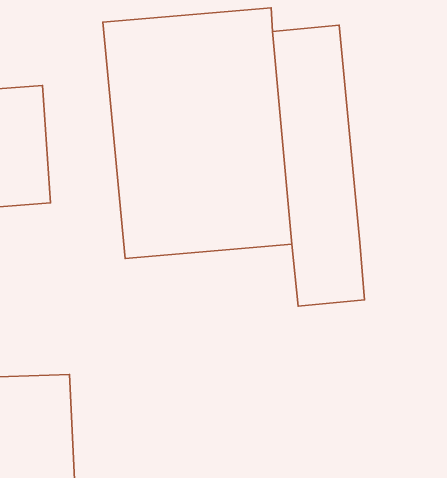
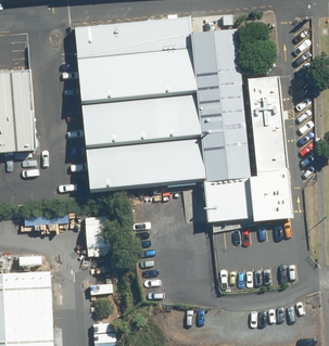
building: none -> [249,76,292,221]

